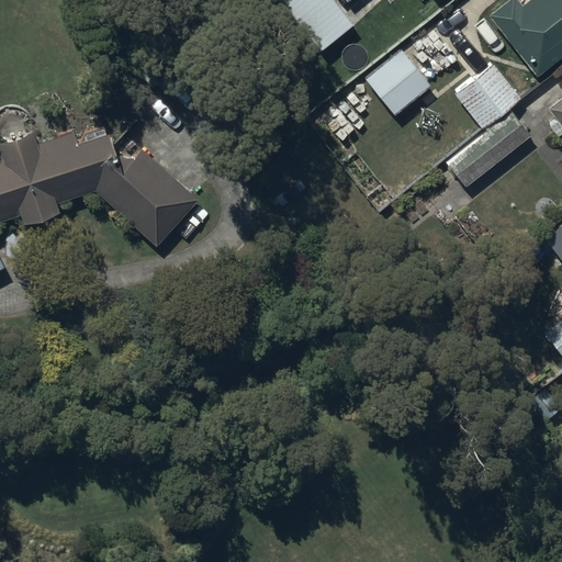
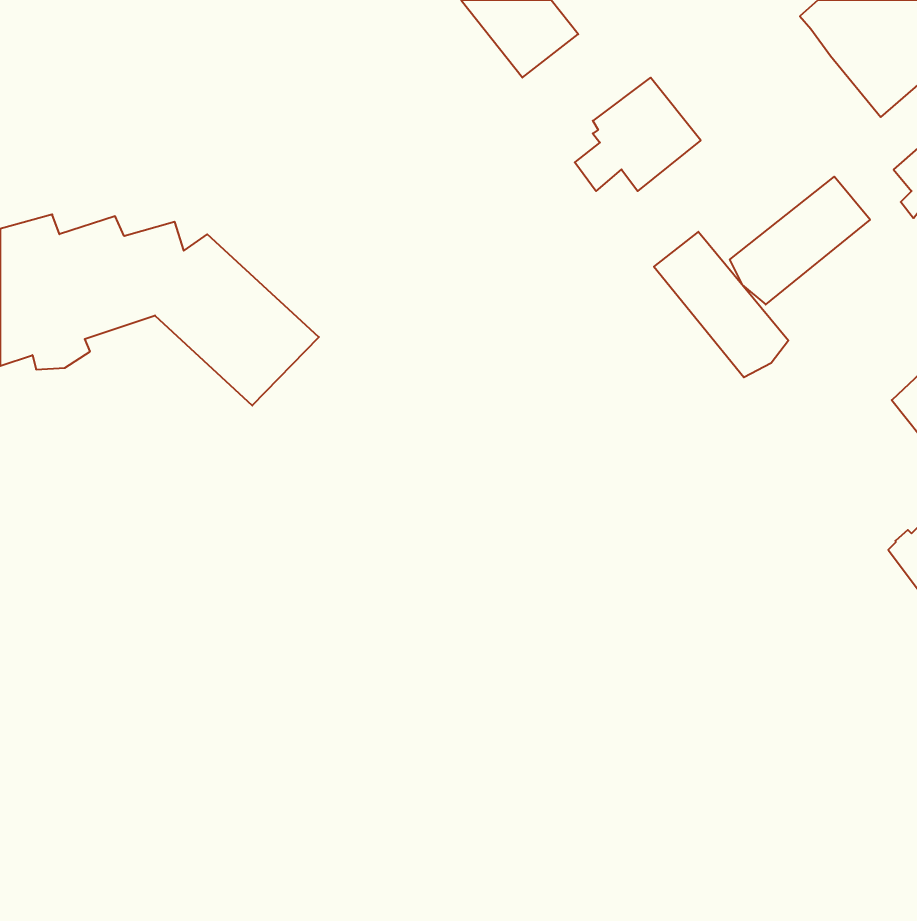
building: [454,59,522,127] -> none
building: none -> [654,232,788,377]

